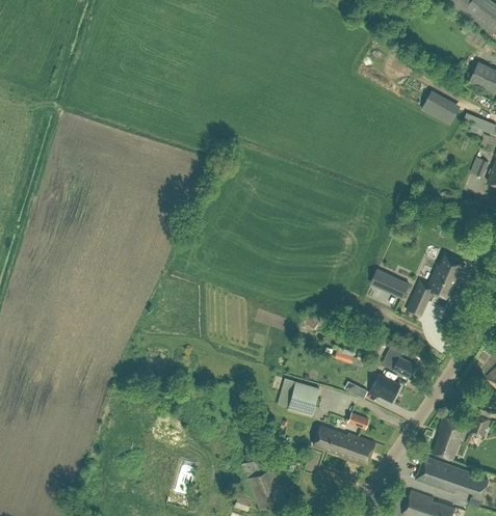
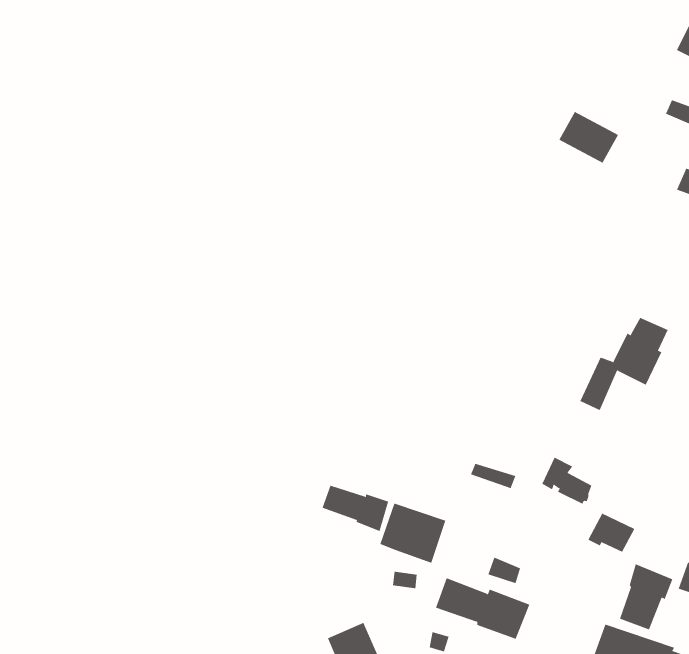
building: [421,91,461,126] -> [559,111,619,164]
building: [376,272,409,298] -> none
building: none -> [322,485,389,532]
building: [369,375,400,401] -> [587,513,635,553]

